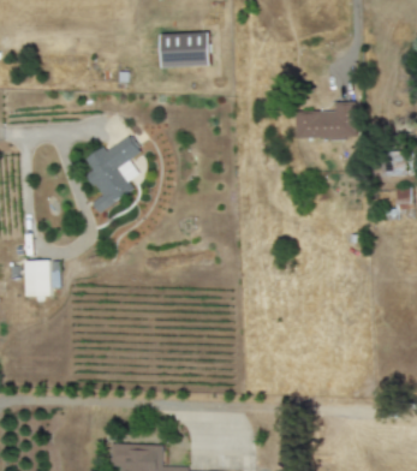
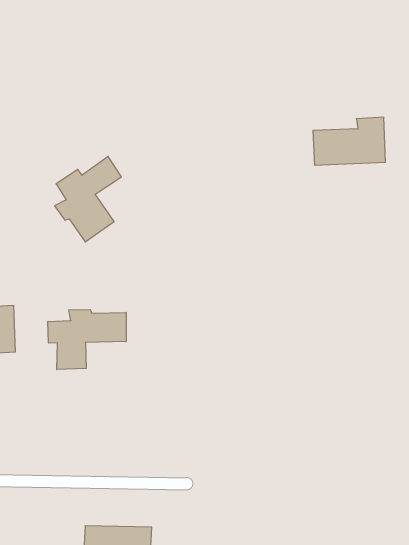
building: [162,32,210,67] -> none
building: none -> [48,310,126,370]

